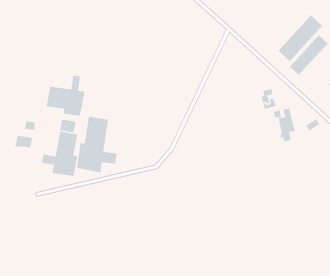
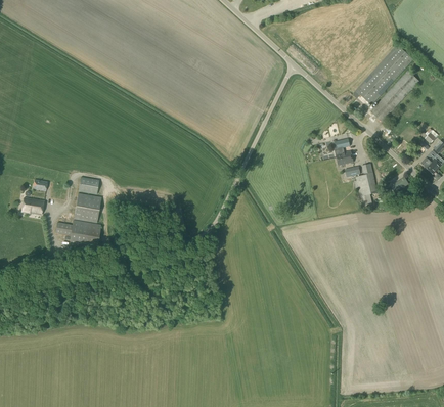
building: [46,75,85,116] -> none
building: [77,116,117,173] -> none

